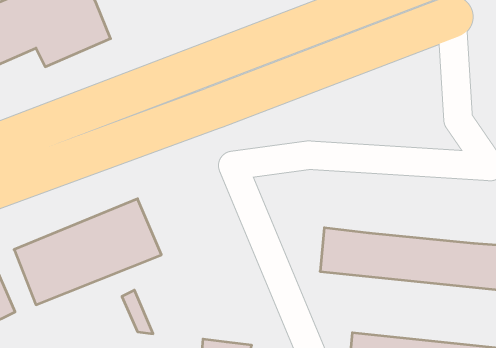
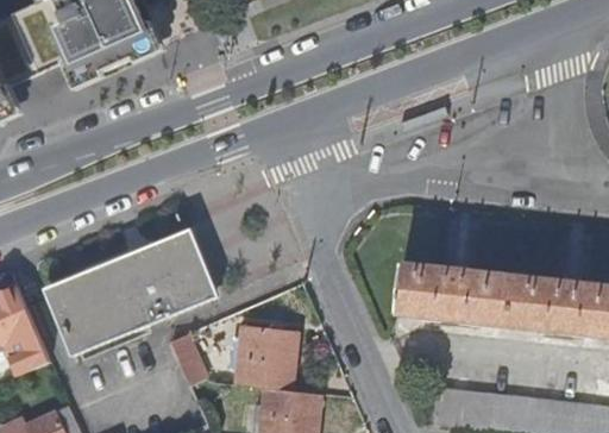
building: none -> [227,330,295,394]

